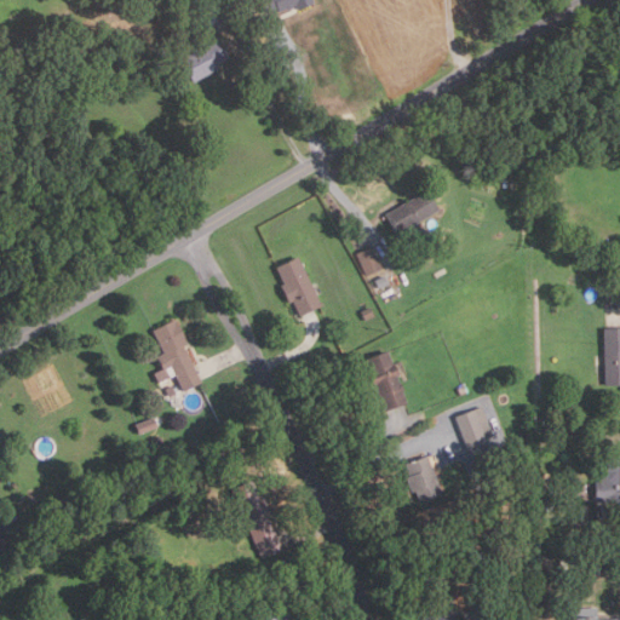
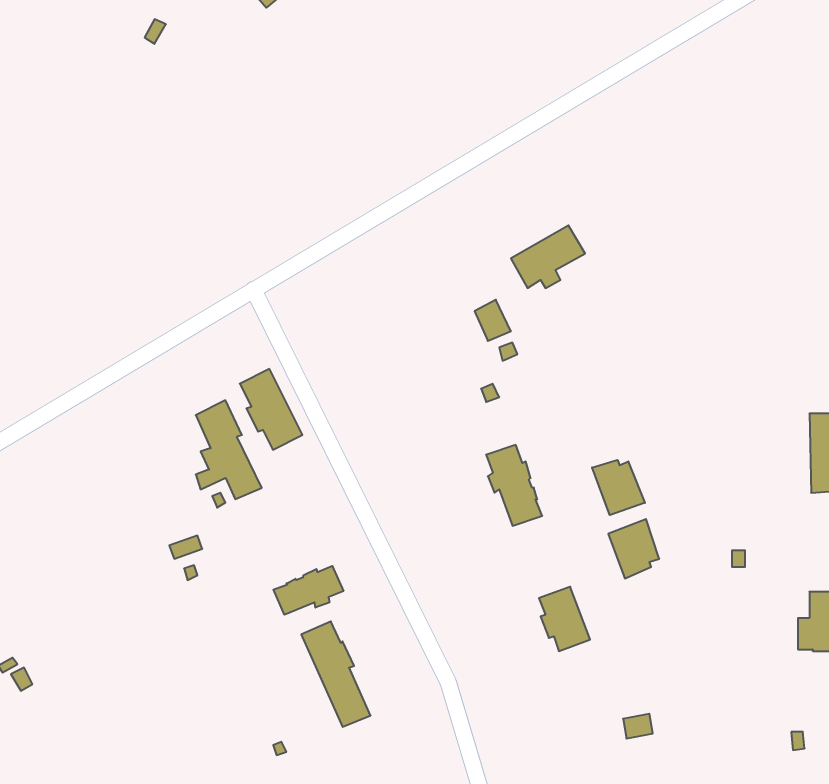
building: [180,40,229,85] -> none
building: [276,258,322,317] -> [240,369,302,450]
building: none -> [592,460,645,515]
building: none -> [273,566,343,615]

